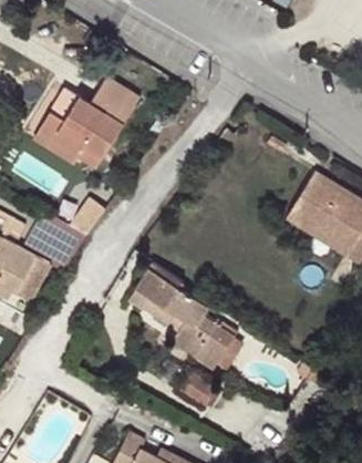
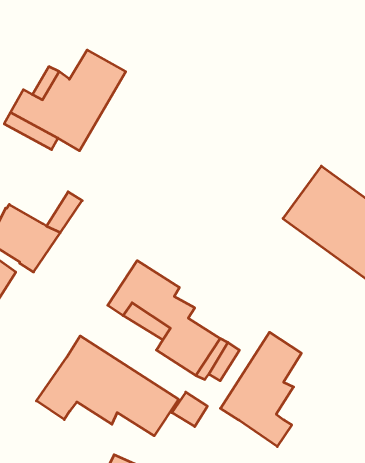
building: none -> [220,332,301,447]
building: none -> [36,336,178,436]

